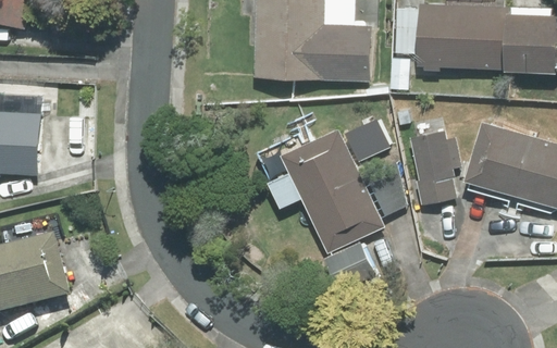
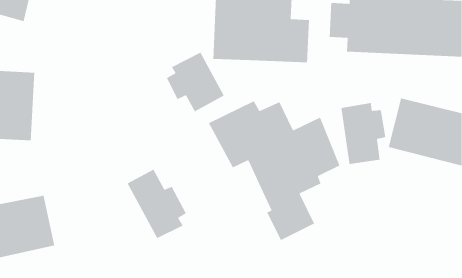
building: none -> [166,52,225,112]
building: none -> [127,169,187,239]

